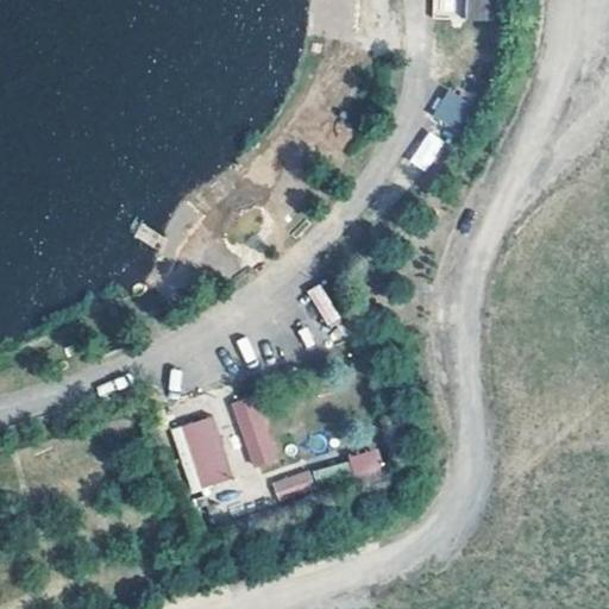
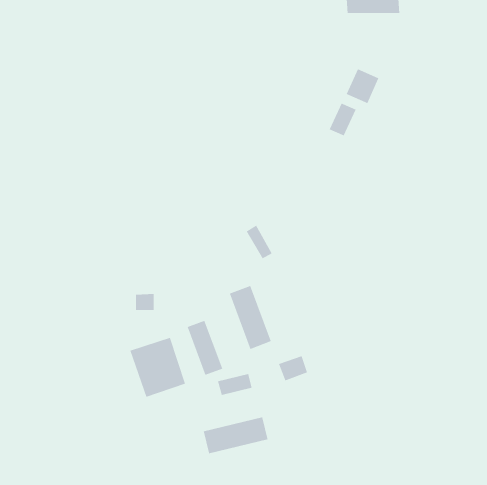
building: none -> [229,285,272,350]
building: none -> [203,416,268,454]

